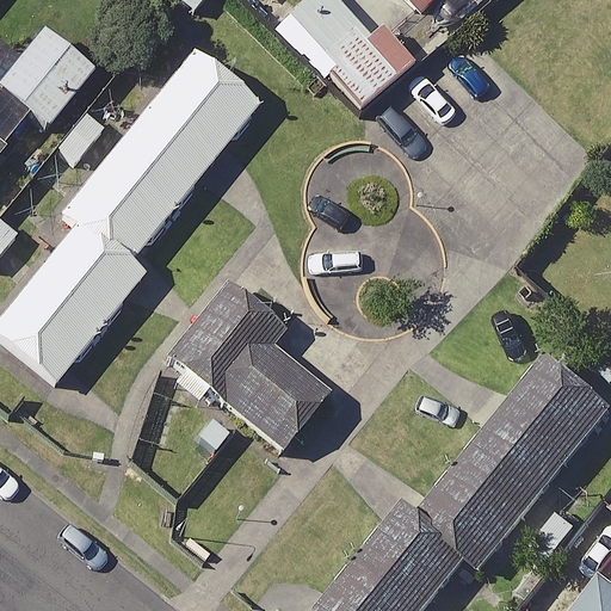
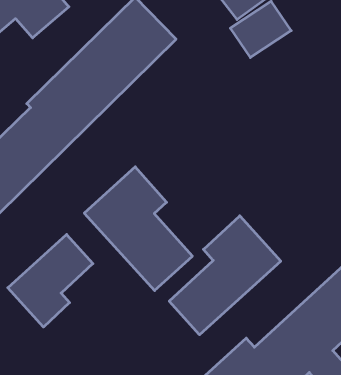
building: none -> [169,216,281,335]
building: none -> [8,234,93,327]

